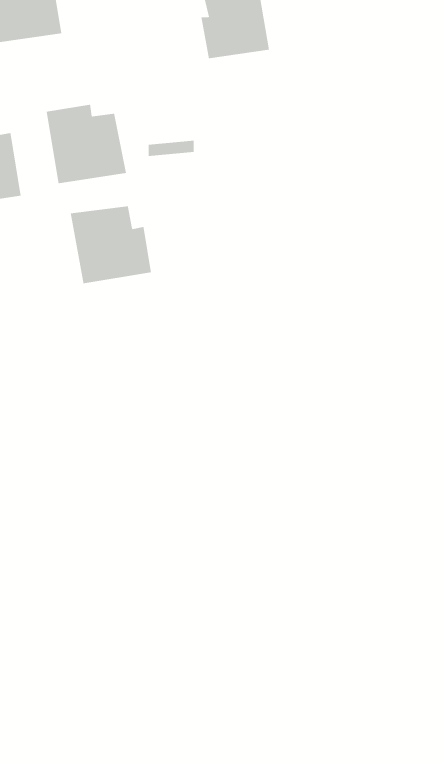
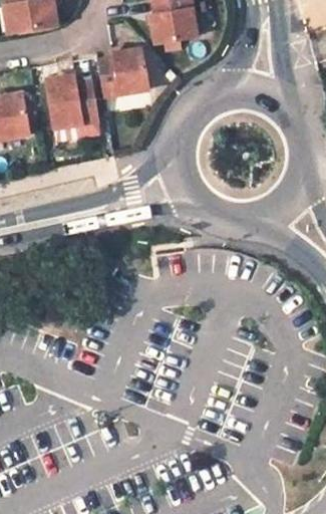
building: none -> [99,44,150,93]
building: [70,205,152,284] -> none

